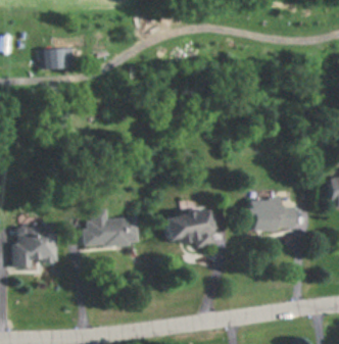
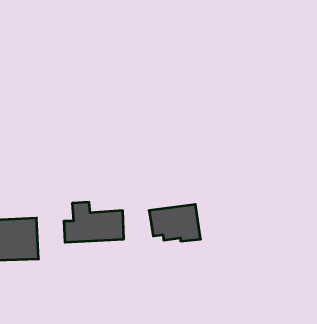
building: [39,49,75,69] -> none
building: [250,195,296,231] -> none

